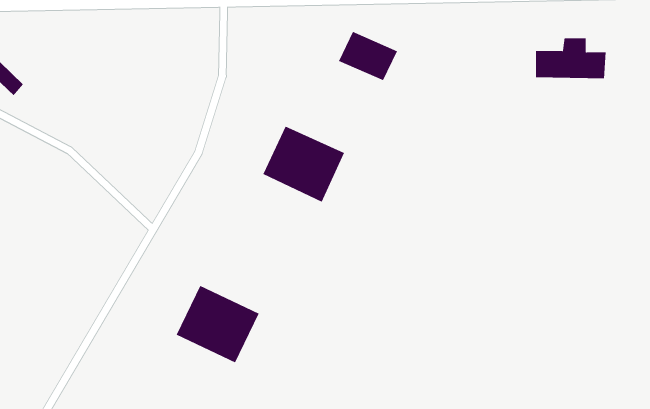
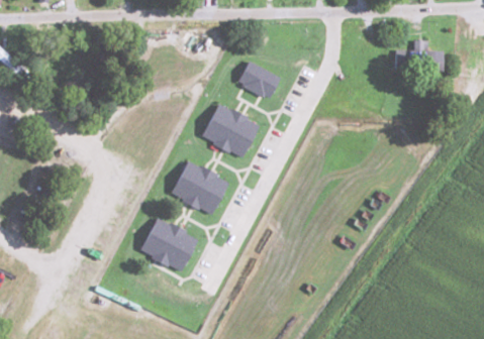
building: [338,31,398,81] -> [237,63,280,98]
building: none -> [170,159,229,216]

